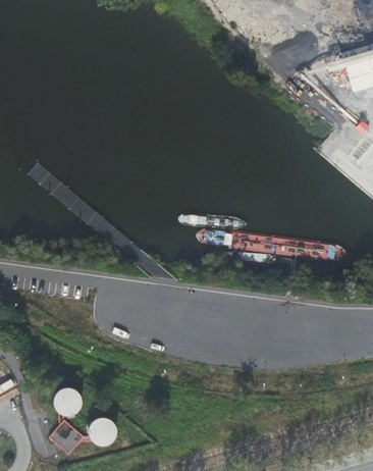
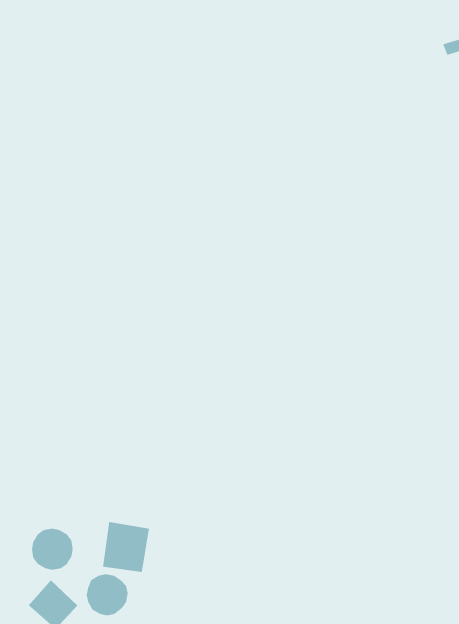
building: none -> [102,521,150,573]

